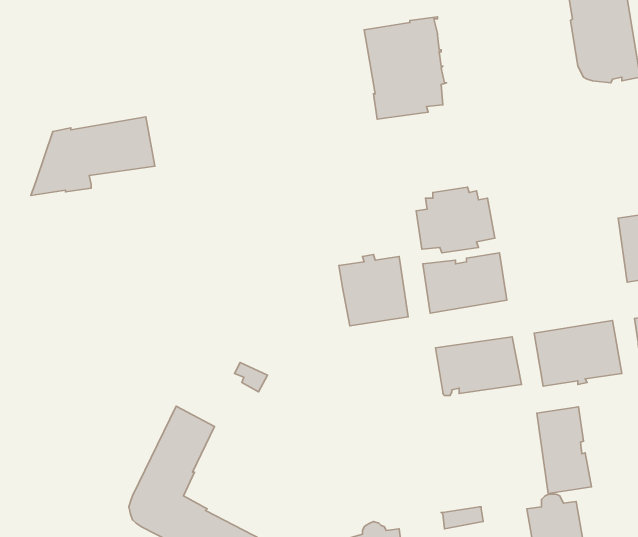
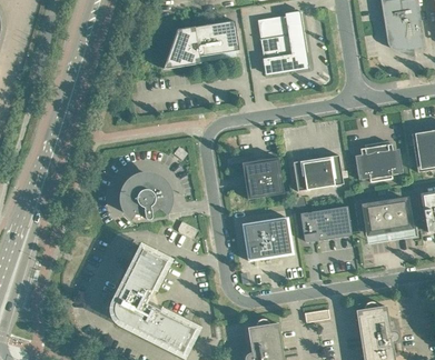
building: [31,117,155,196] -> [164,20,239,68]
building: [416,187,495,253] -> [355,141,403,181]
building: none -> [123,176,169,219]
building: none -> [243,217,293,261]
building: [537,407,591,494] -> none

